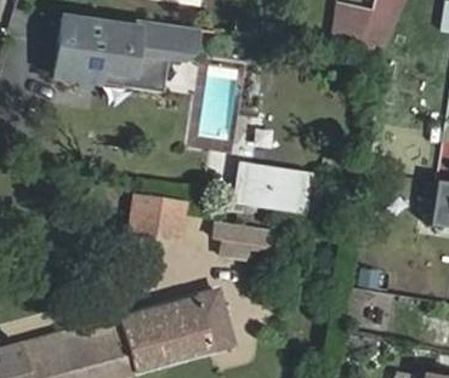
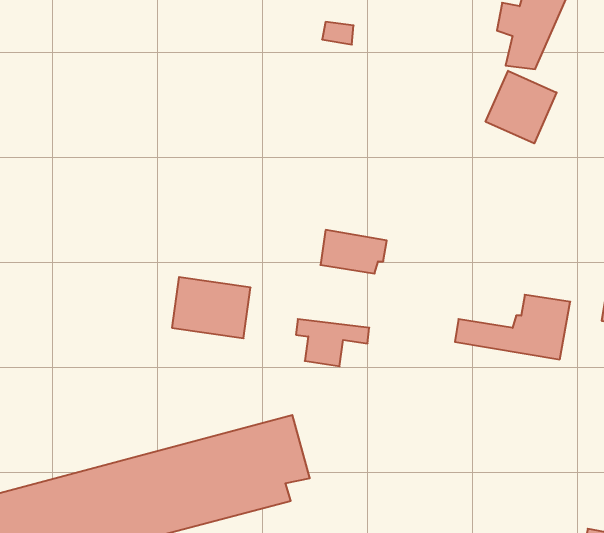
building: [53,17,197,91] -> none
building: none -> [486,71,557,143]
building: [231,171,311,216] -> [455,295,570,359]

